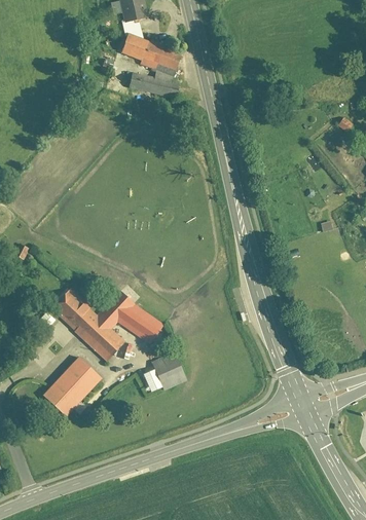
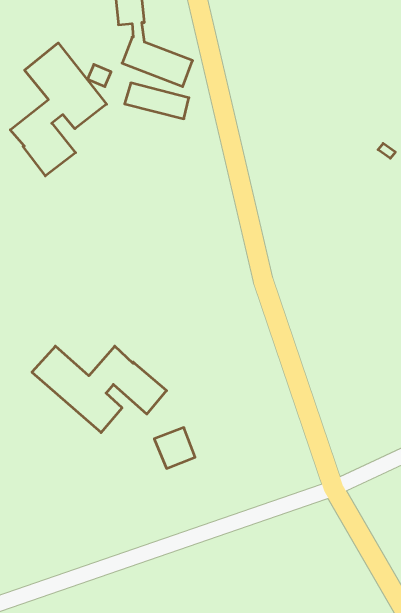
building: none -> [10,43,107,176]
building: [44,357,101,415] -> none

